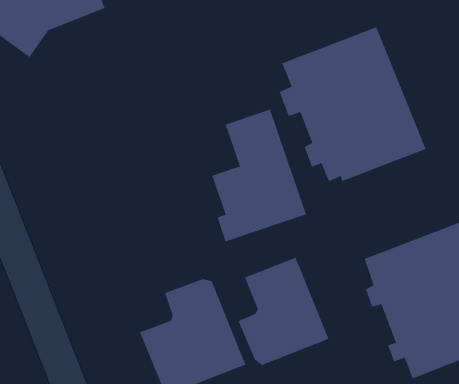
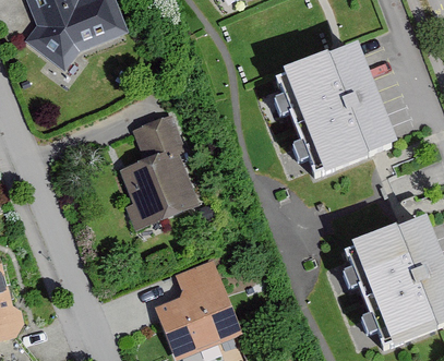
building: [212,109,307,242] -> [122,116,202,227]
building: [238,257,329,366] -> none

